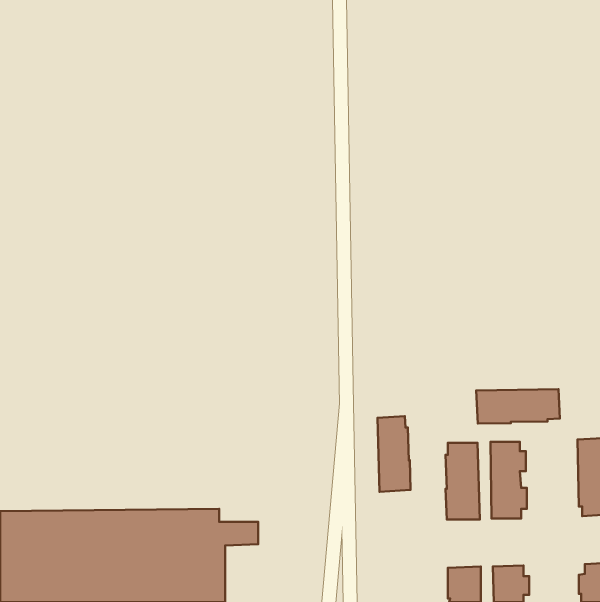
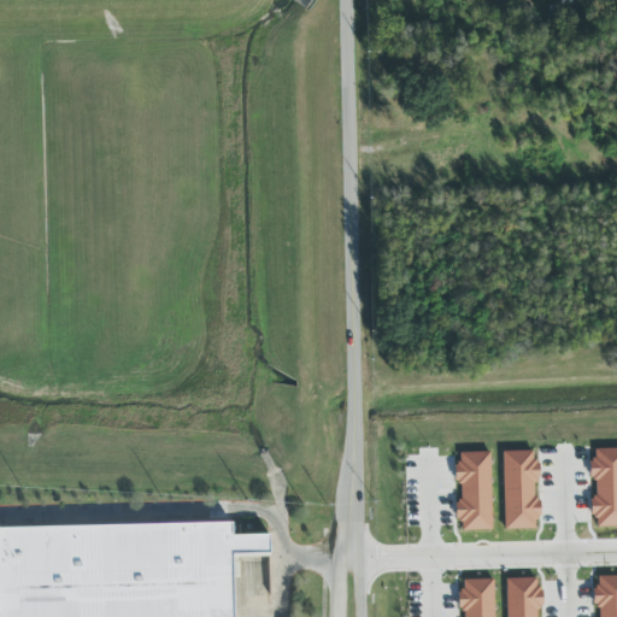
building: [476,389,560,423] -> none
building: [377,416,410,492] -> none

